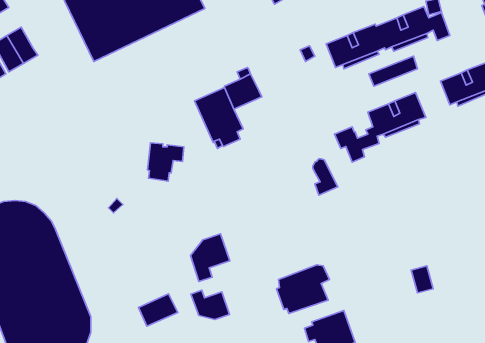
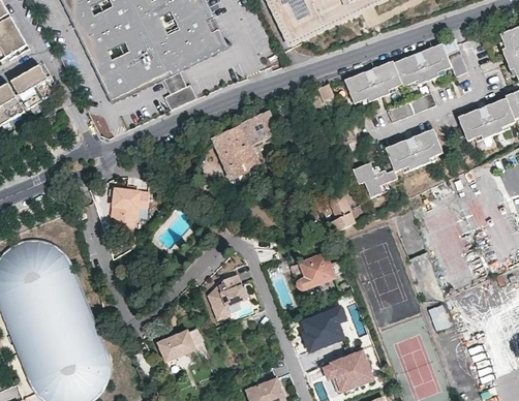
building: [147,143,184,181] -> [114,187,150,225]
building: none -> [298,252,349,290]
building: [191,290,230,319] -> none

